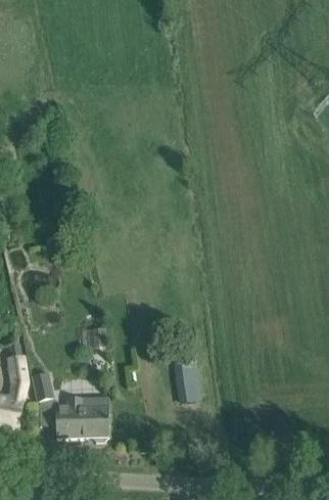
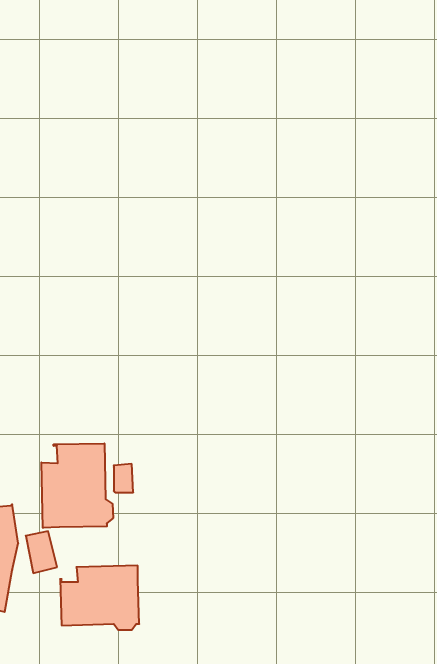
building: none -> [41,443,113,528]
building: [174,356,198,401] -> none

